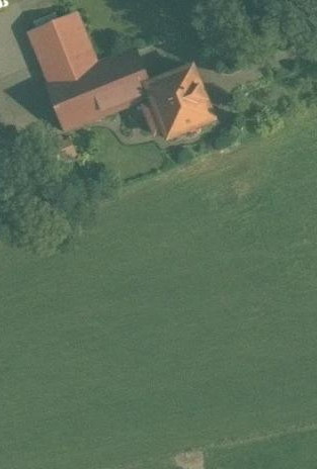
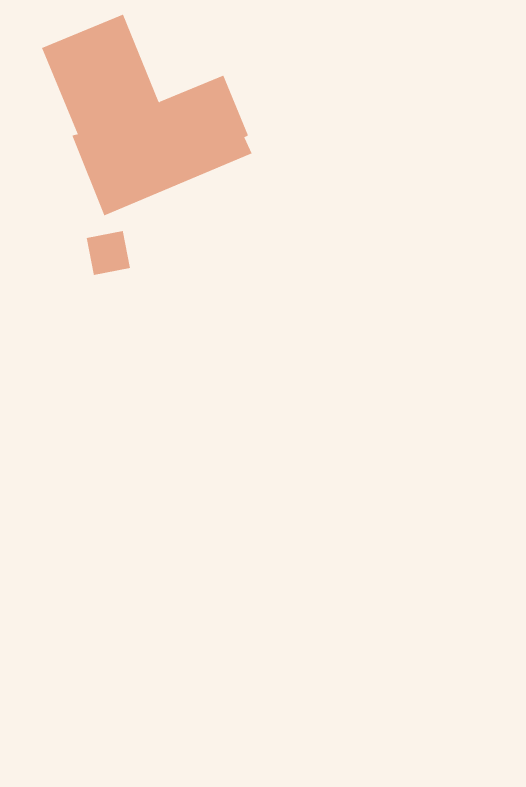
building: [144,65,212,136] -> none

